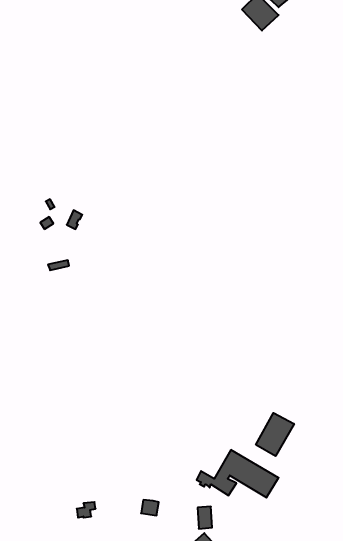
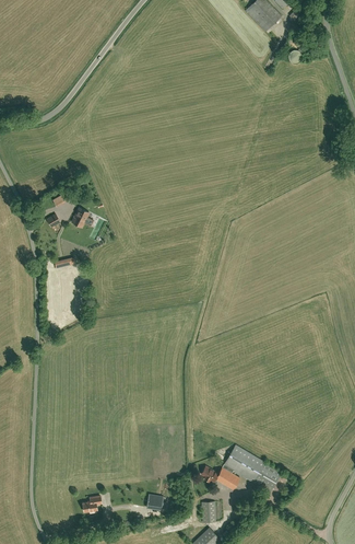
building: [256,413,294,456] -> none

